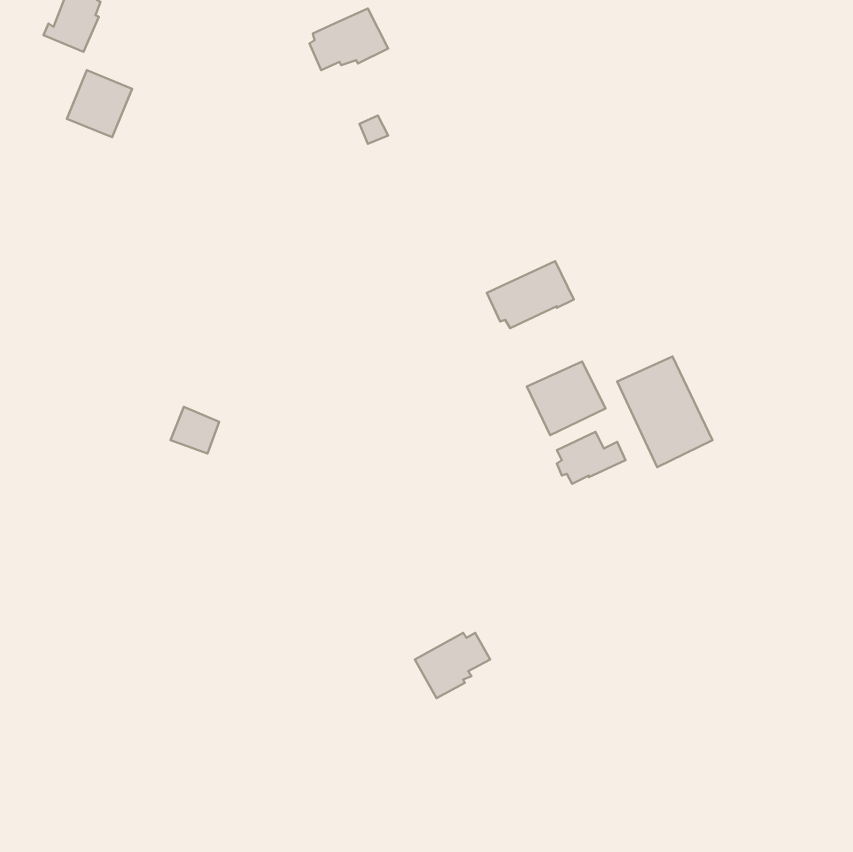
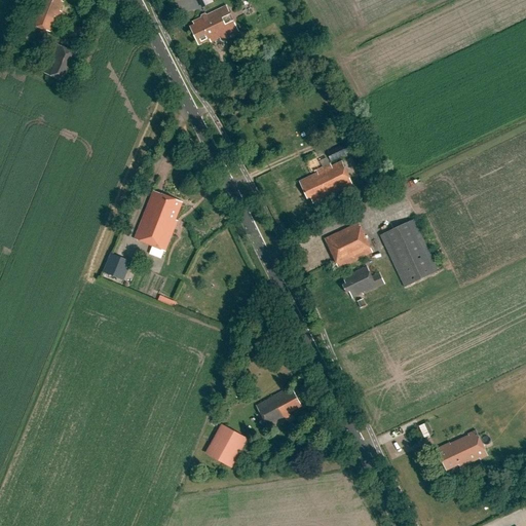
building: none -> [134,190,182,251]
building: none -> [205,424,246,465]
building: none -> [436,429,489,468]

